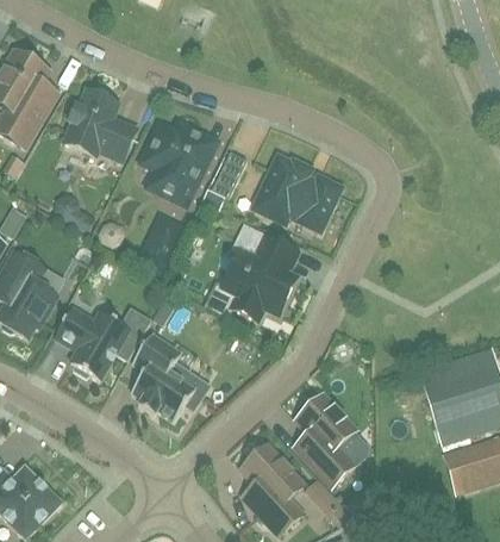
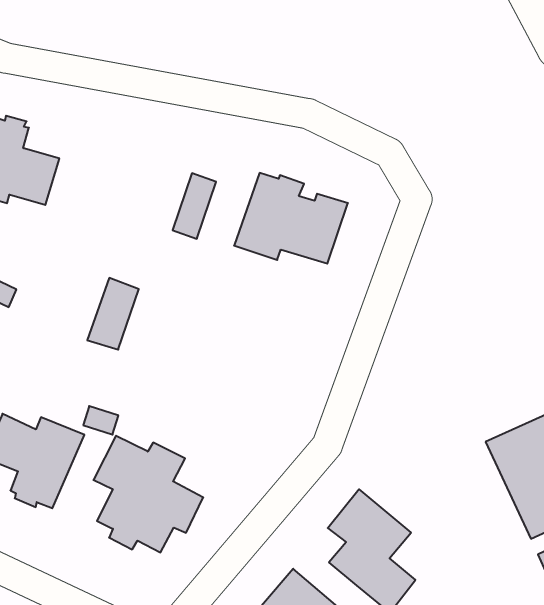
building: [144,124,213,200] -> none
building: [223,220,296,318] -> none

